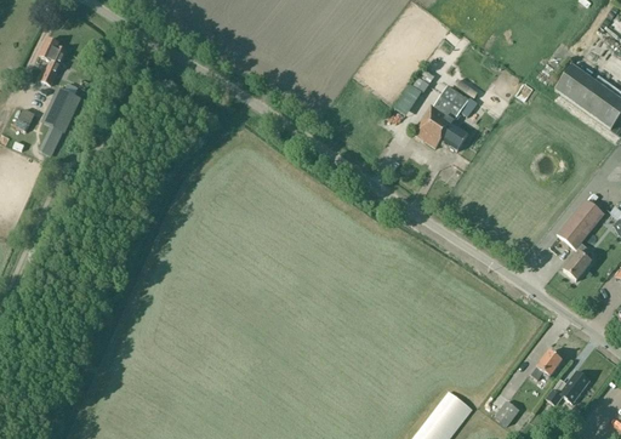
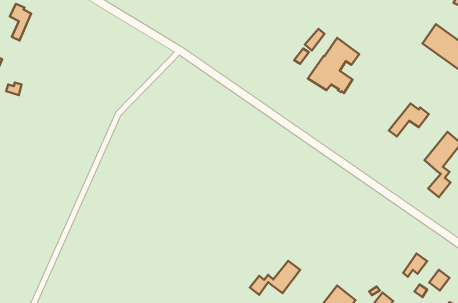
building: [50,82,82,124] -> none
building: none -> [389,104,429,136]
building: none -> [250,261,300,295]

